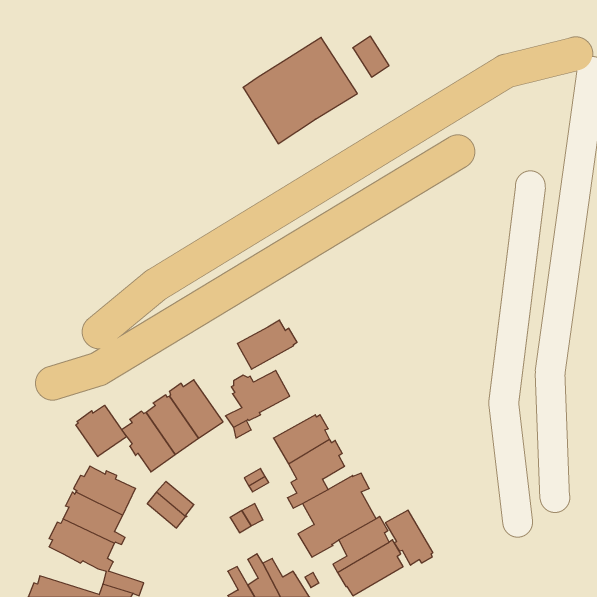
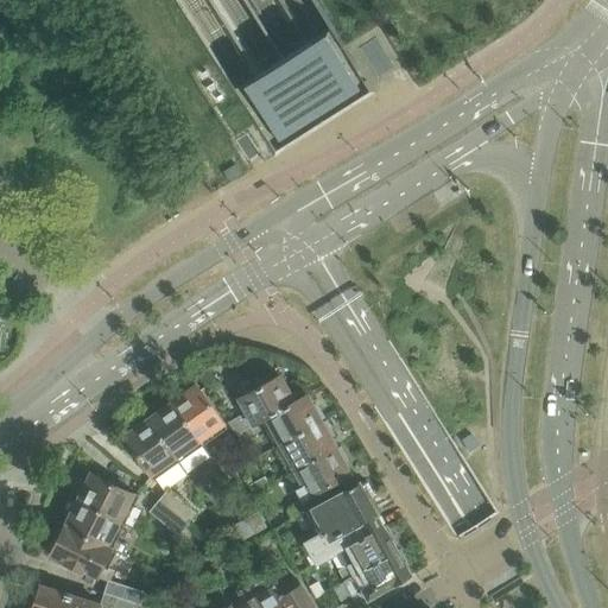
building: [237,320,297,369] -> [264,395,324,445]
building: [76,405,126,457] -> none
building: [386,510,433,565] -> none

